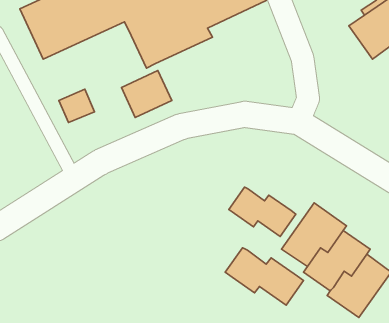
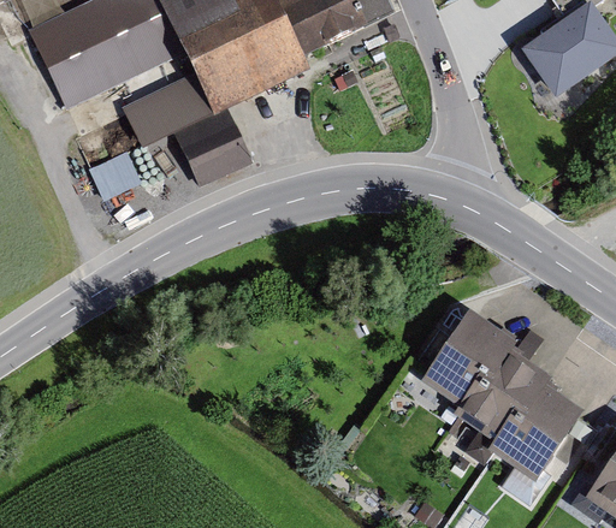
building: none -> [117,65,236,159]
building: [229,187,296,236] -> none
building: [225,248,303,305] -> none

